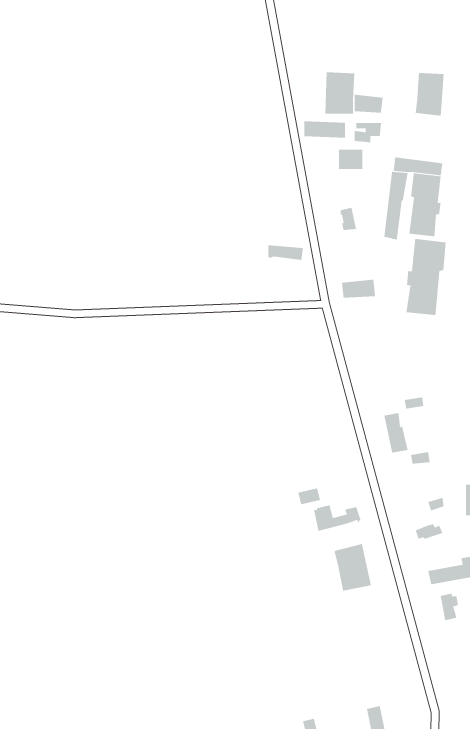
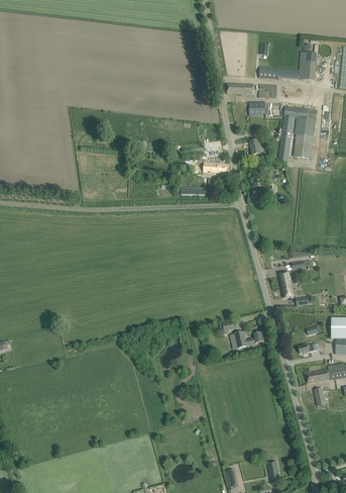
building: [325,71,355,115] -> none
building: [406,238,446,316] -> none
building: [334,543,372,592] -> none

